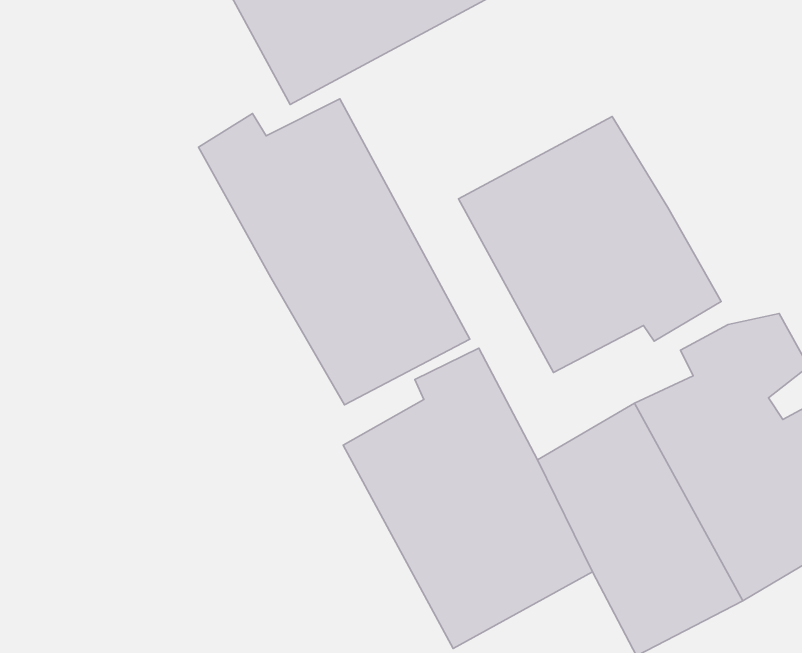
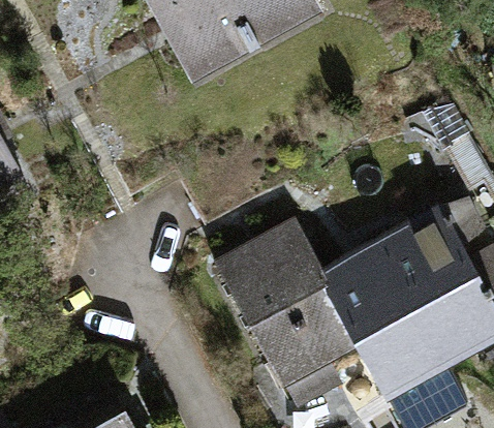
building: [199,99,470,405] -> none
building: [459,116,721,373] -> none

